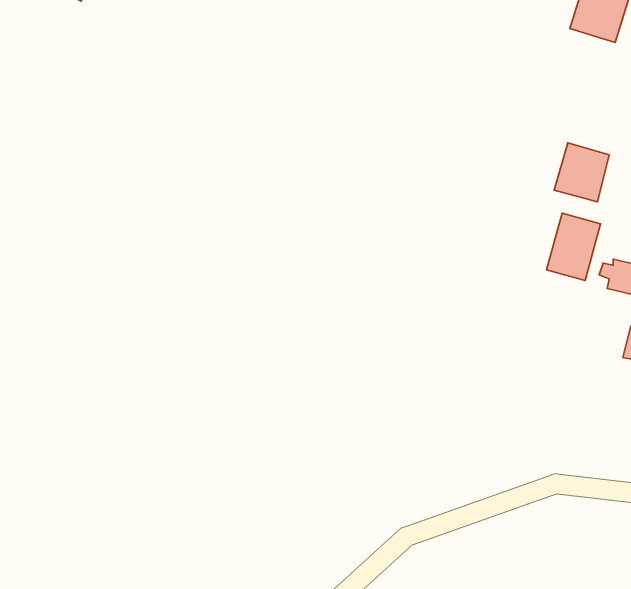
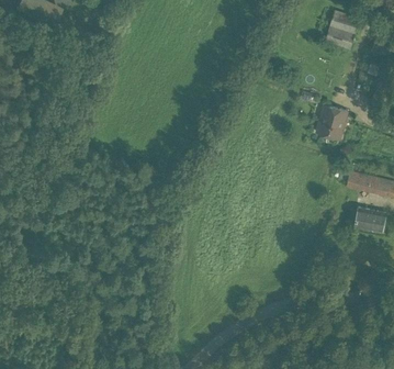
building: [547,213,601,281] -> none

